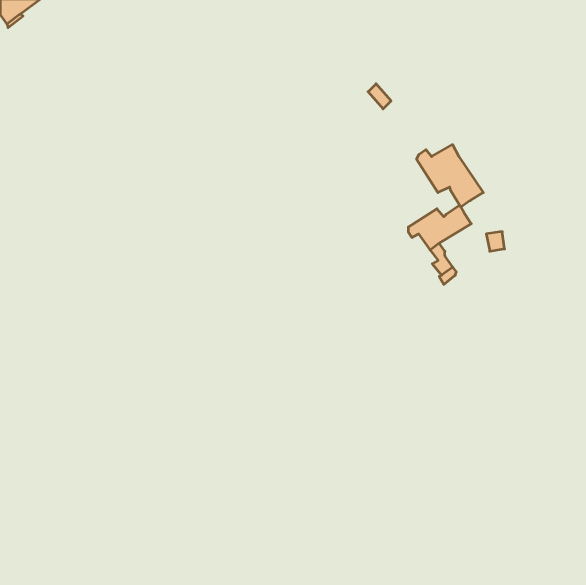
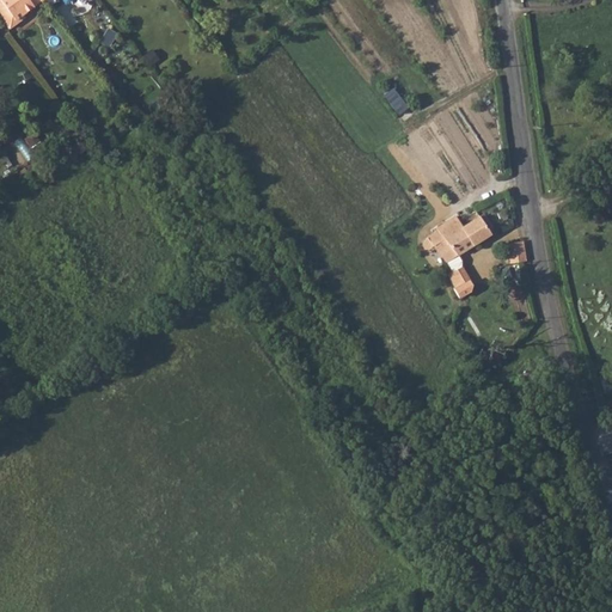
building: [417,145,483,207] -> none

